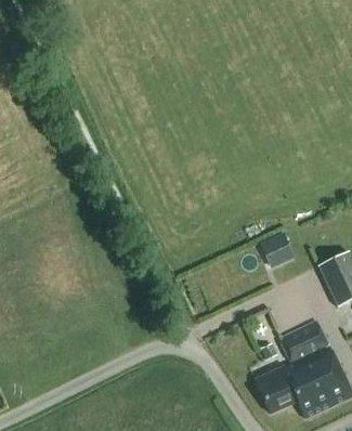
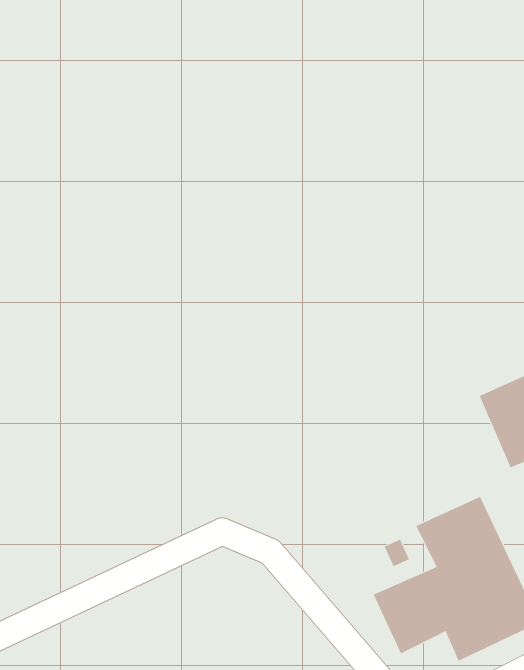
building: [258,233,294,269] -> none

